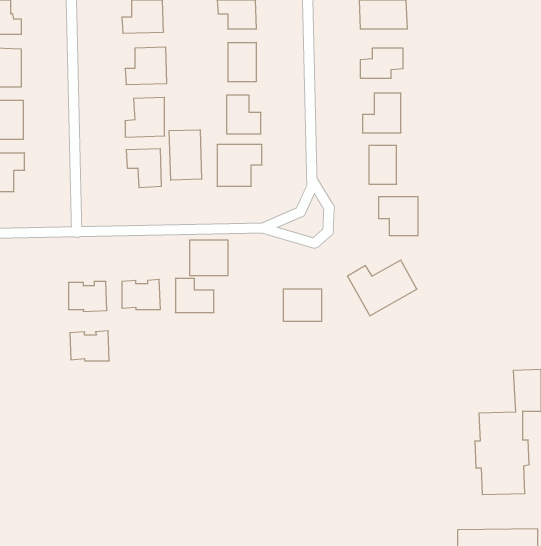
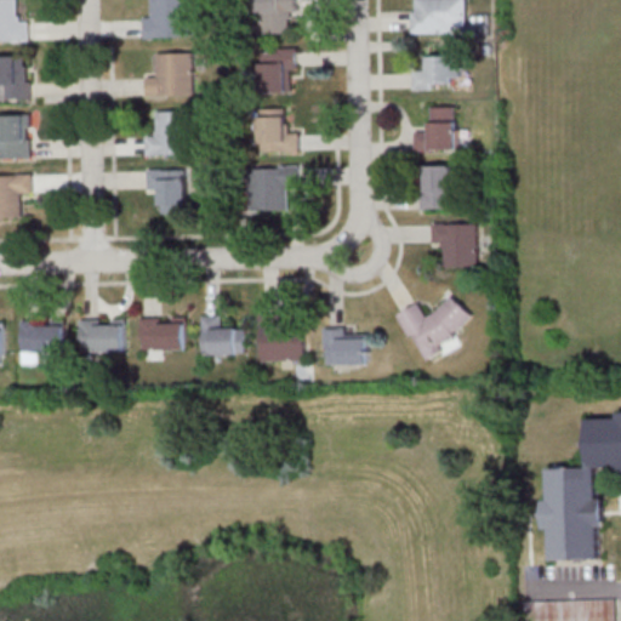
building: [169,130,202,180] -> none
building: [190,240,228,275] -> [257,321,301,361]
building: [70,331,109,361] -> [17,320,62,354]

